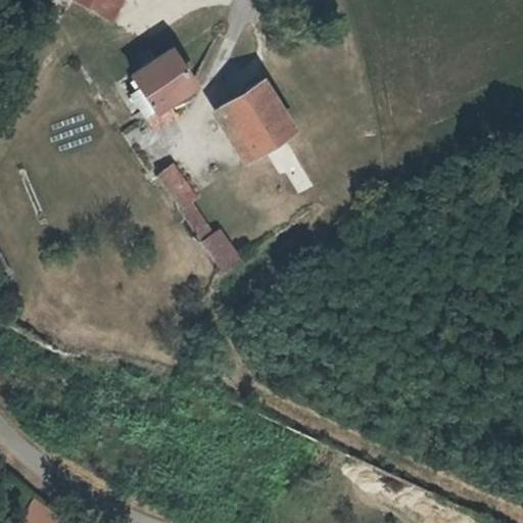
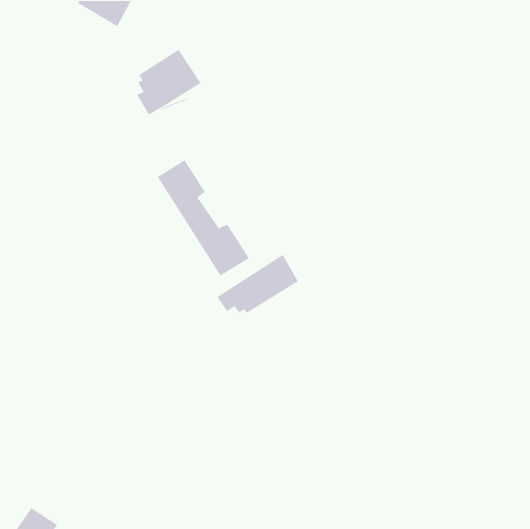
building: [222,84,291,155] -> none
building: none -> [217,254,299,314]

